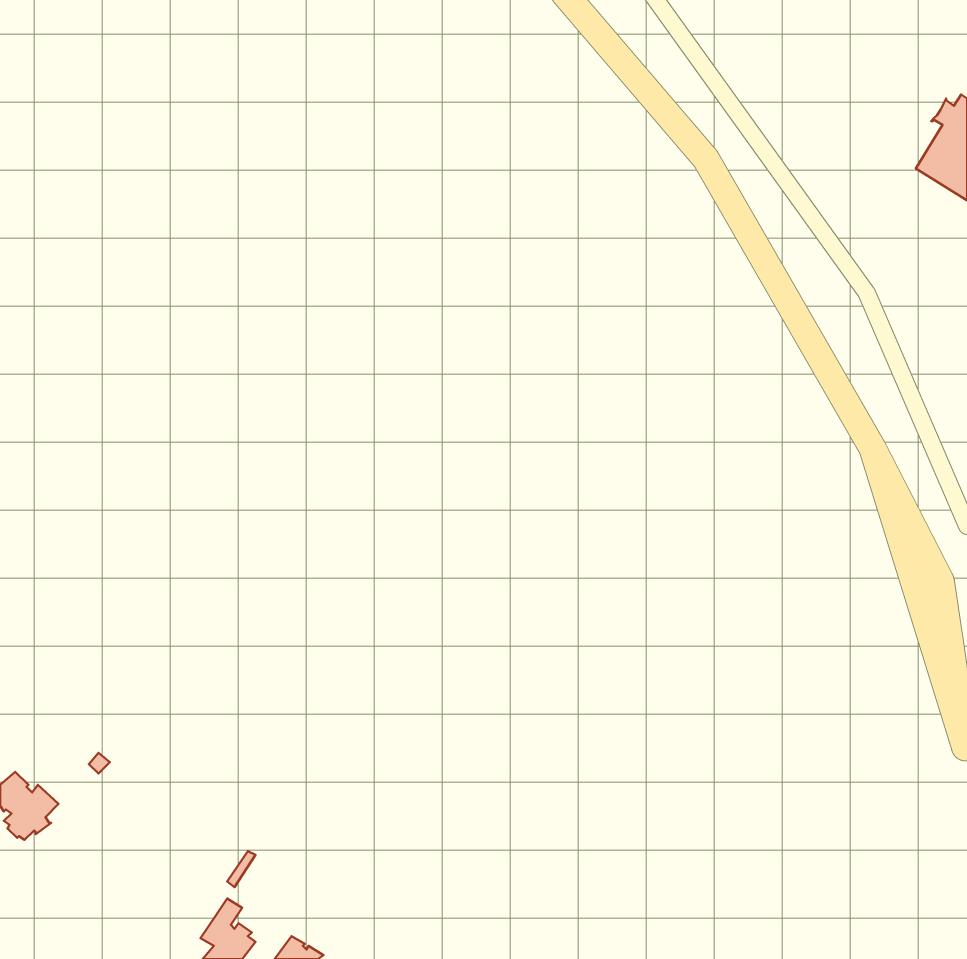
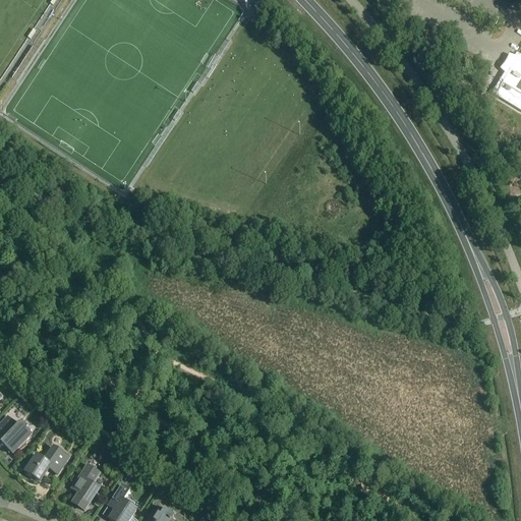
building: none -> [24,445,69,480]
building: none -> [73,463,99,509]

